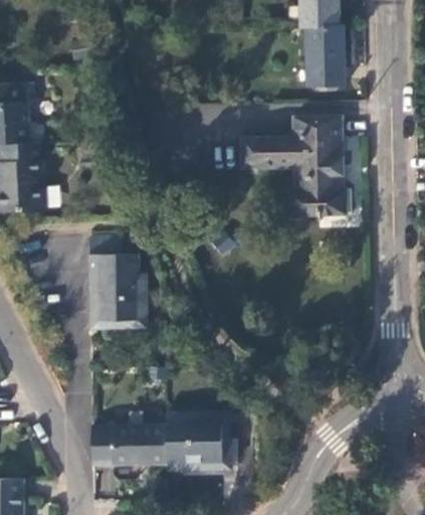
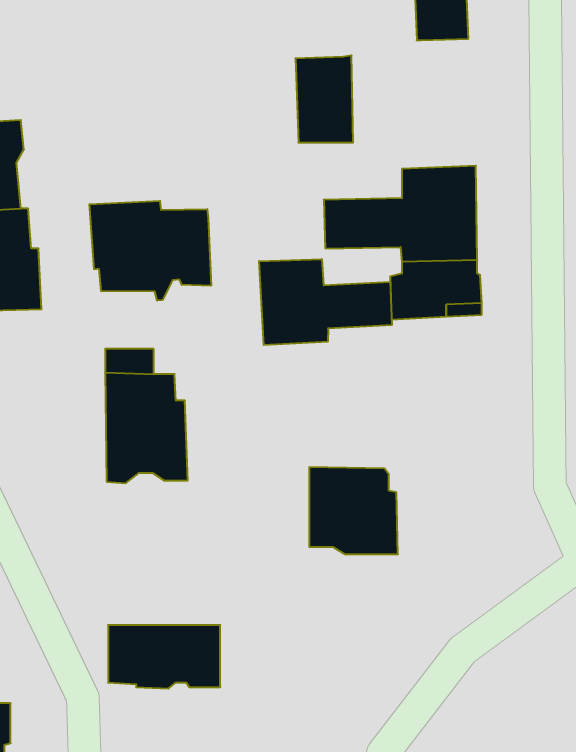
building: [305,26,345,85] -> [295,55,353,143]
building: none -> [90,201,211,301]
building: none -> [259,259,392,345]
building: [169,413,229,473] -> [309,467,398,554]

